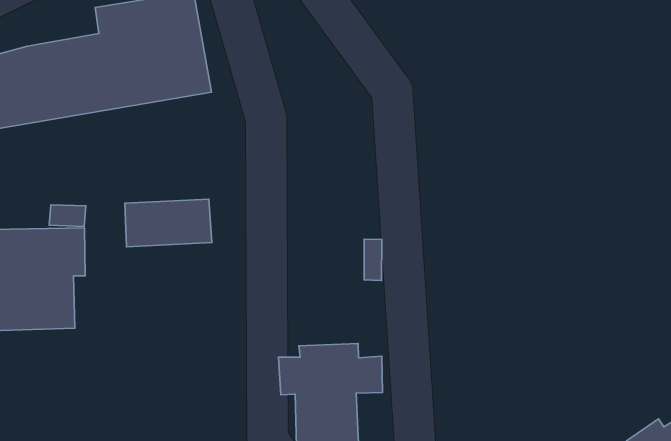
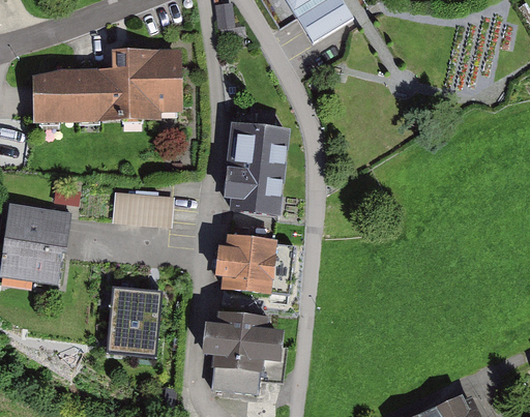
building: none -> [224,124,286,209]
building: none -> [212,232,277,295]
building: none -> [105,286,164,351]

